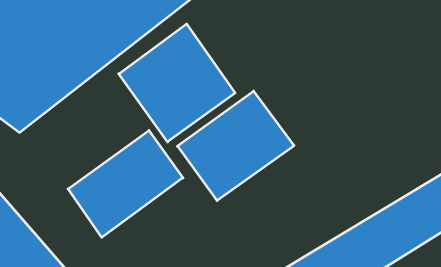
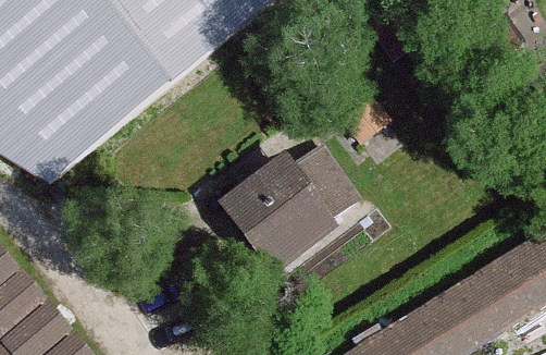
building: [119,24,235,142] -> none
building: [68,130,183,237] -> none

